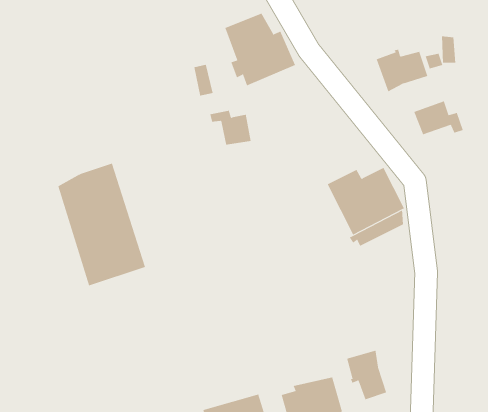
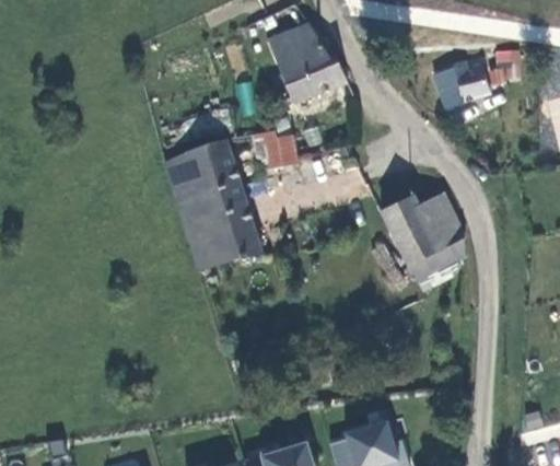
building: [413,100,464,135] -> none
building: [58,163,146,286] -> [165,138,261,272]
building: [346,350,387,400] -> none

